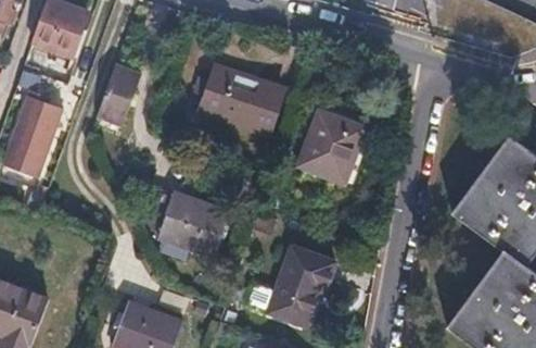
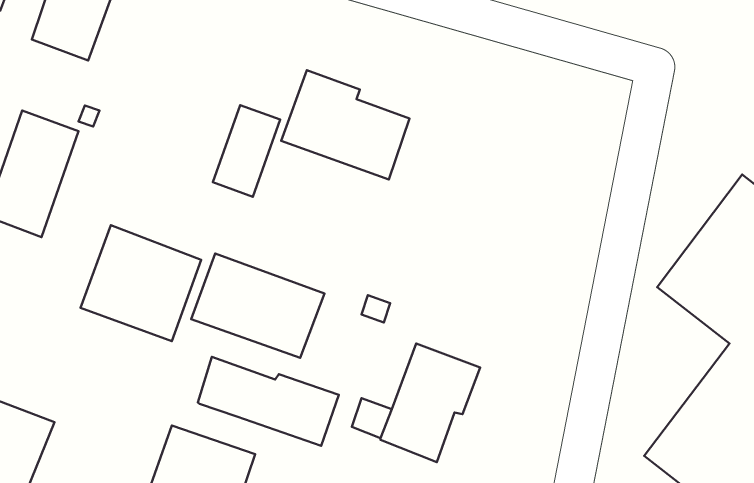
building: [98,58,143,120] -> [213,105,280,197]
building: [296,115,362,187] -> none
building: none -> [81,225,201,341]
building: none -> [198,357,339,446]

